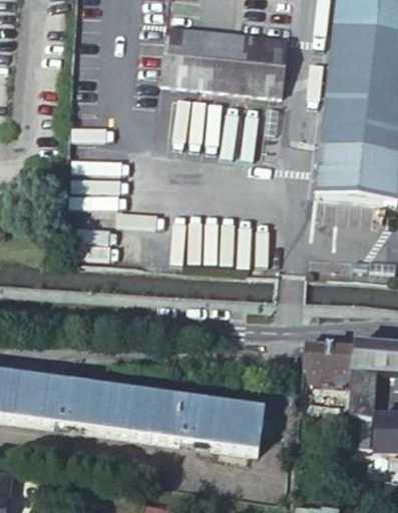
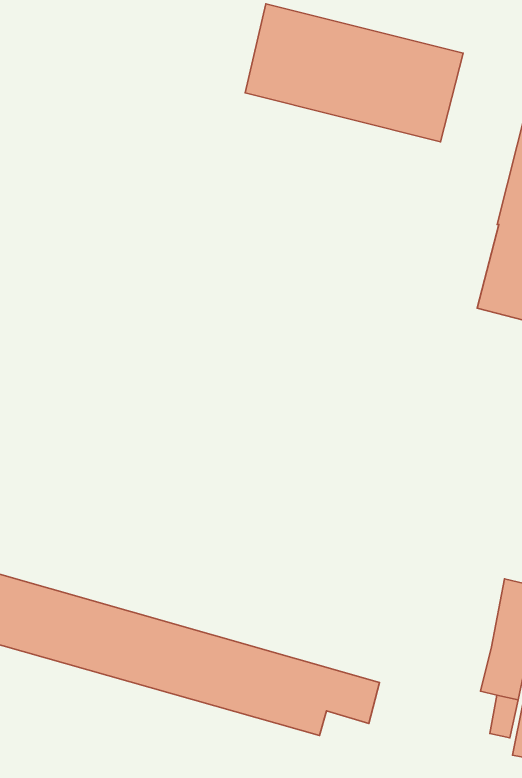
building: [303,338,354,384] -> none

